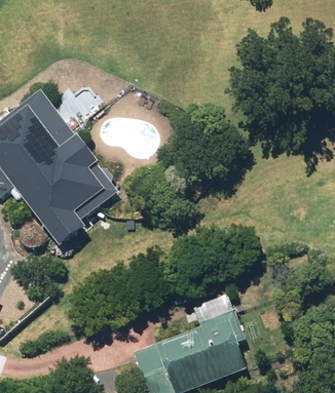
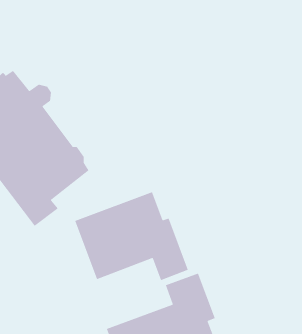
building: none -> [74,191,189,281]

